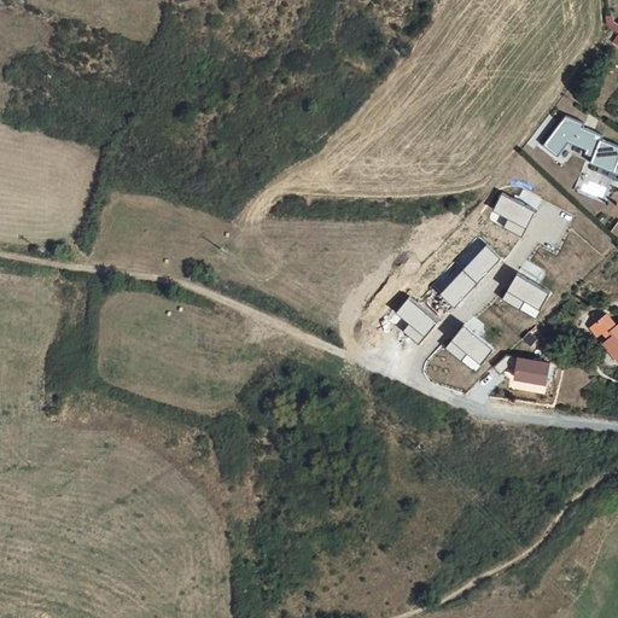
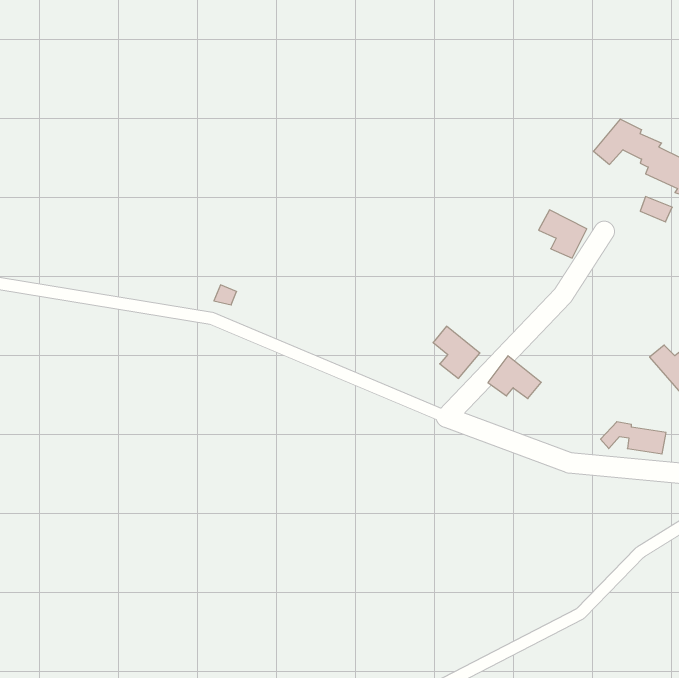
building: [439,246,500,309] -> none
building: [501,275,548,311] -> none
building: [490,355,549,384] -> [601,422,666,454]

